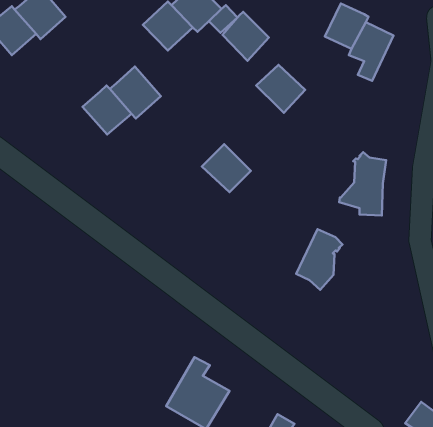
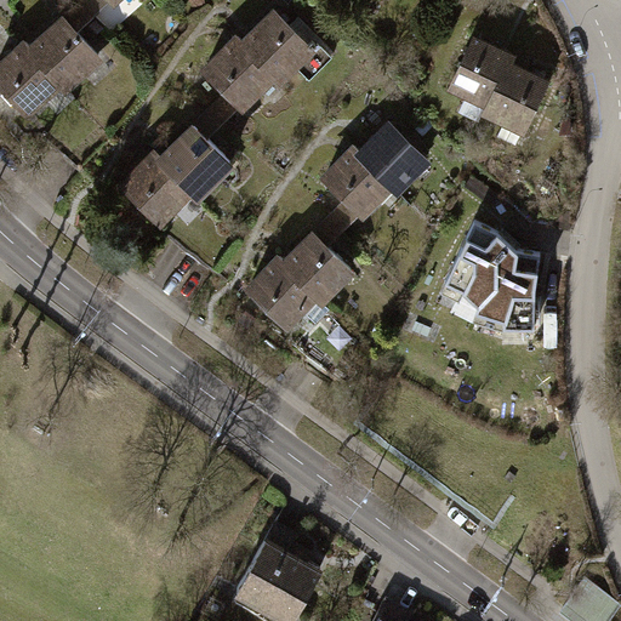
building: [223,12,269,61] -> [325,149,388,216]
building: none -> [247,258,329,326]
building: [296,229,342,290] -> [440,224,503,307]

